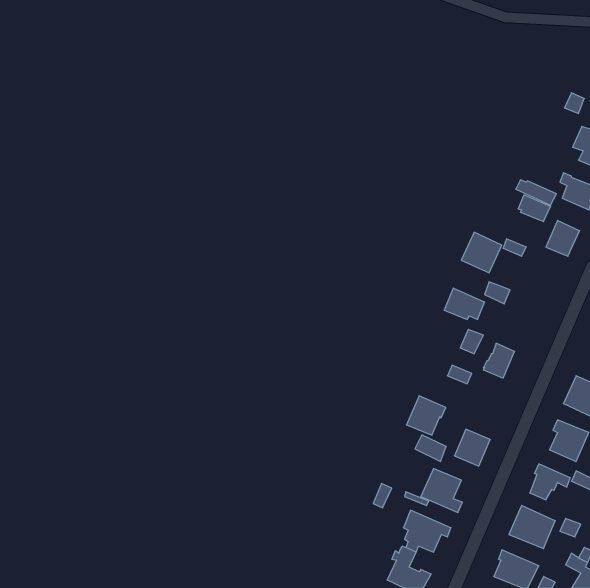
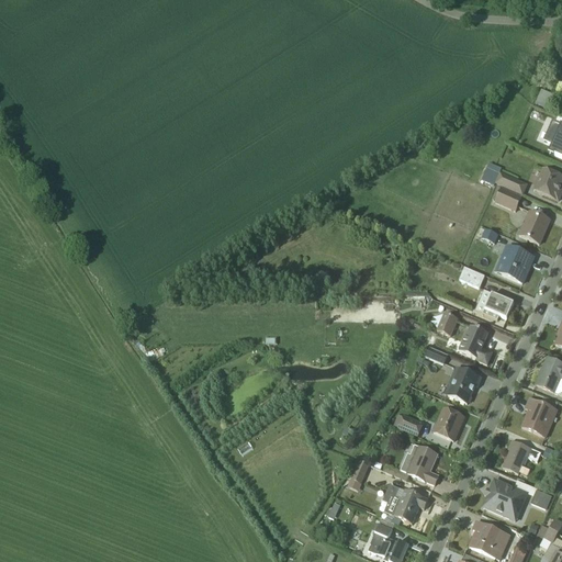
building: [461,232,502,273] -> [496,244,535,282]
building: [444,288,485,319] -> [476,289,515,318]
building: [406,396,446,435] -> [445,366,482,403]

